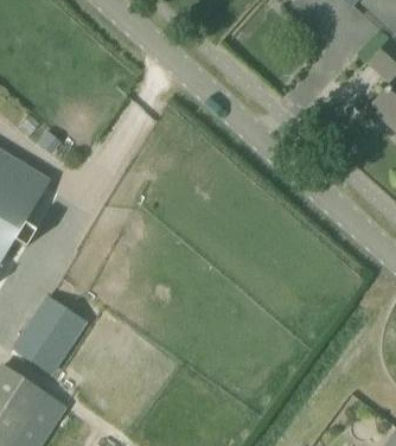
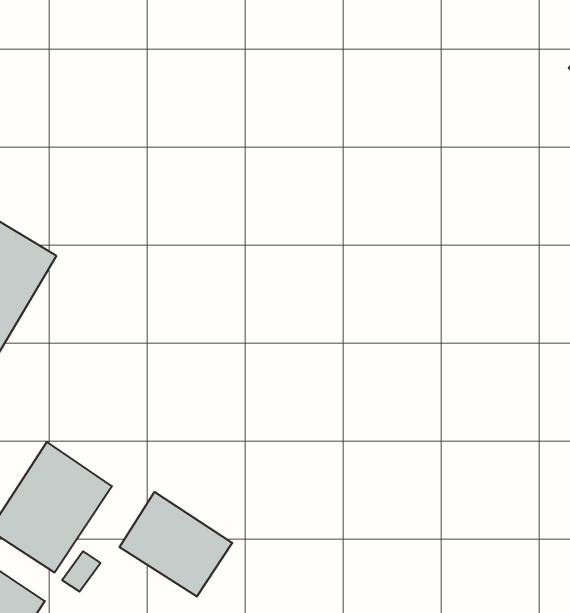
building: none -> [120,492,232,597]

